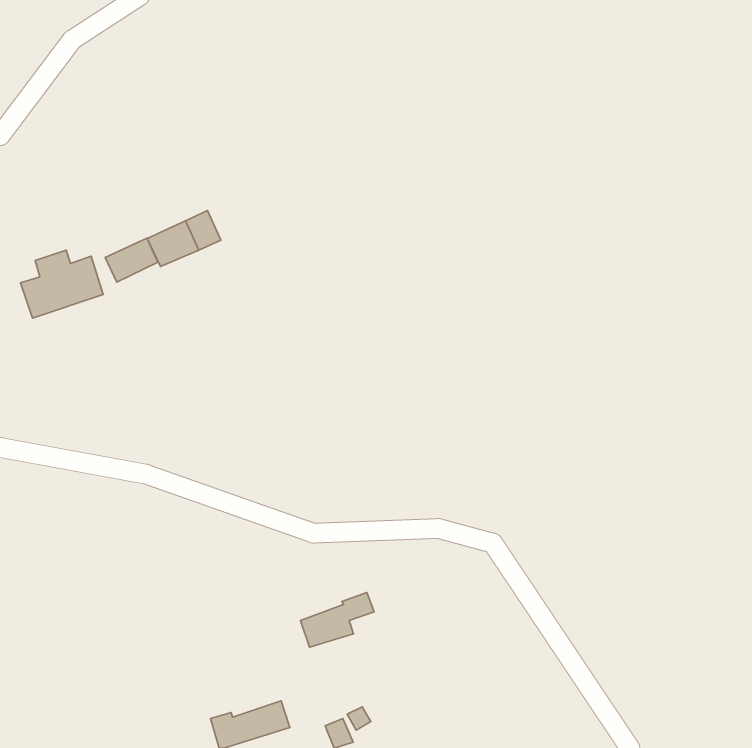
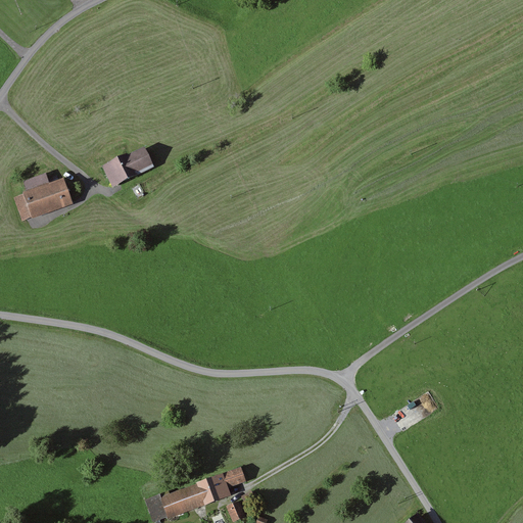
building: [105,238,158,282] -> none
building: [301,593,374,647] -> [195,467,246,505]

